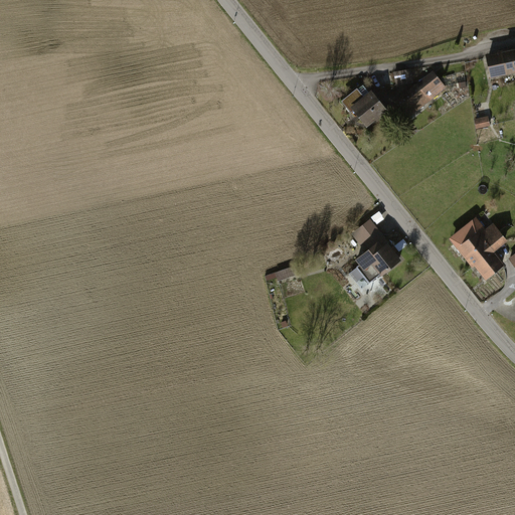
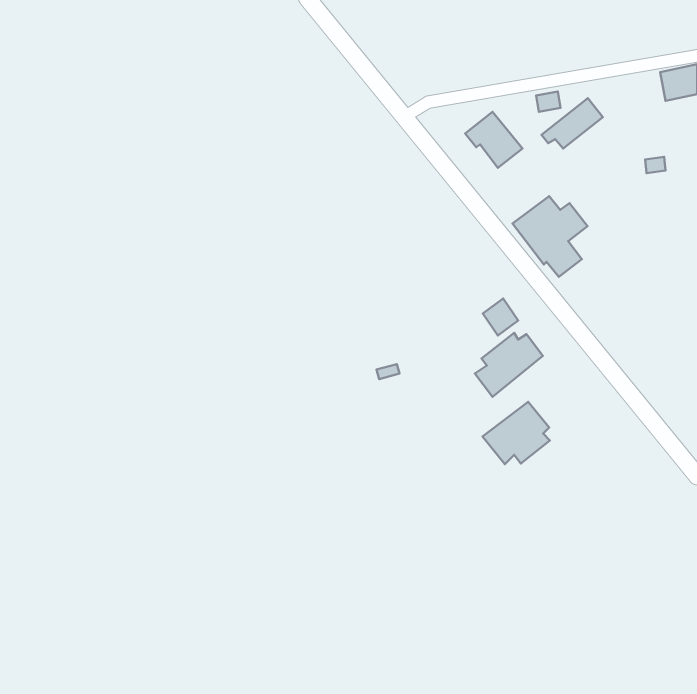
building: [450,218,505,278] -> [512,196,587,277]
building: none -> [483,402,550,464]

